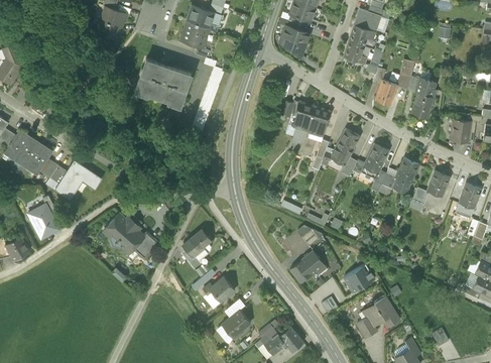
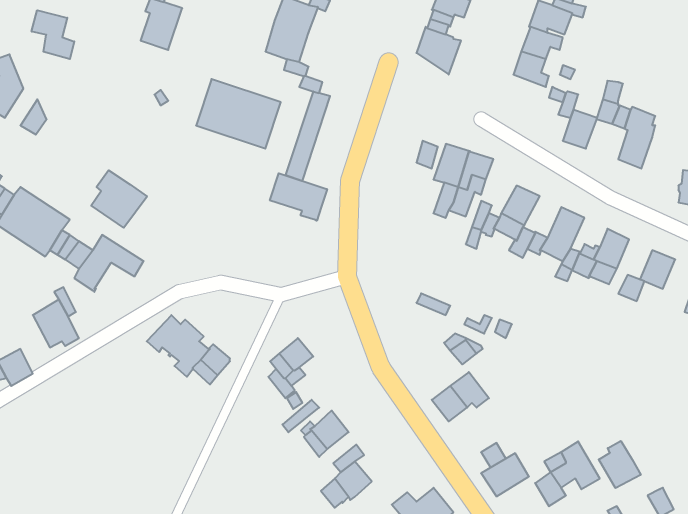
building: none -> [32,10,74,59]
building: none -> [91,170,147,228]
building: none -> [270,173,327,221]
building: [343,264,374,292] -> [481,453,529,496]
building: none -> [599,441,641,488]

